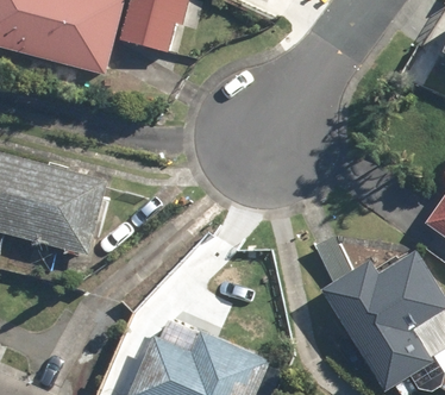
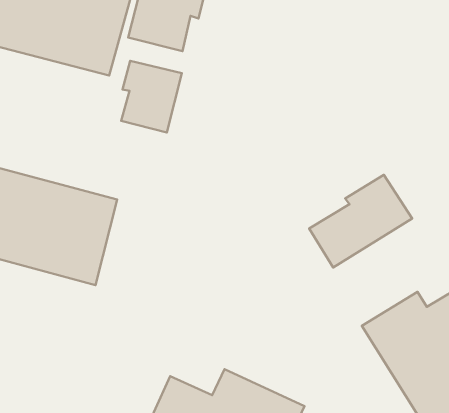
building: none -> [121,61,182,133]
building: none -> [309,175,412,268]

